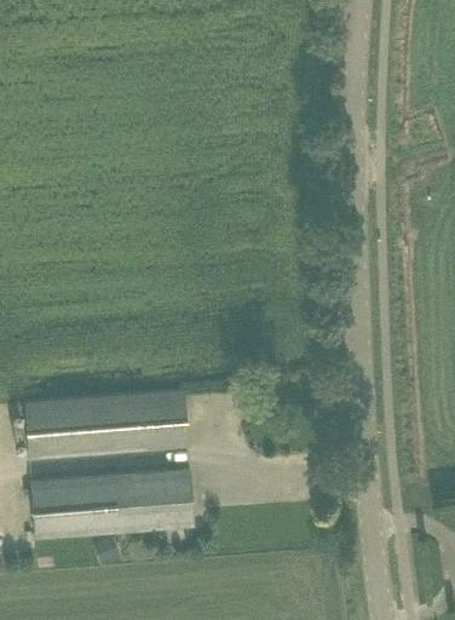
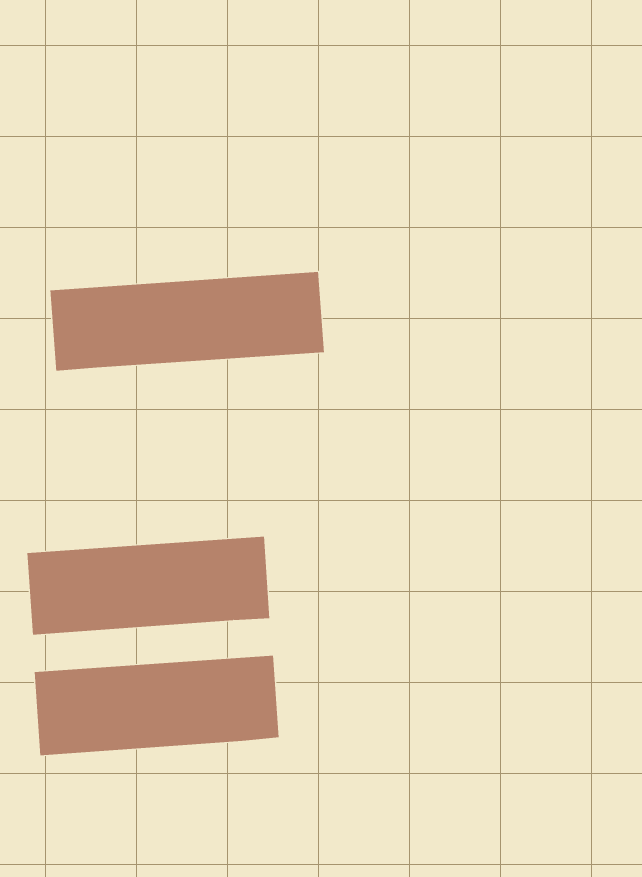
building: none -> [50,271,324,372]

